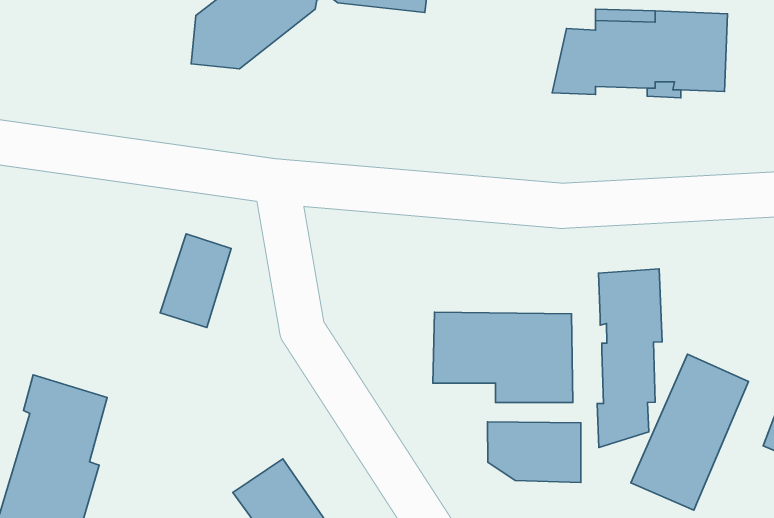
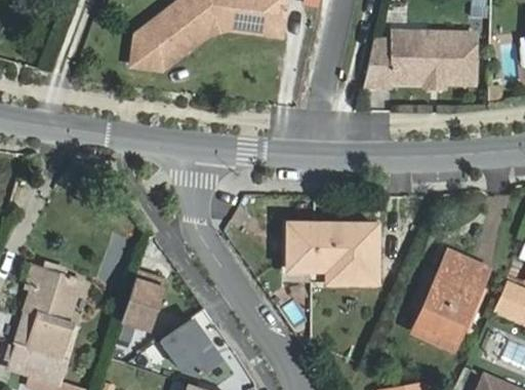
building: [160,234,231,327] -> [121,271,166,330]
building: [597,269,662,447] -> none
building: [487,422,581,483] -> none

